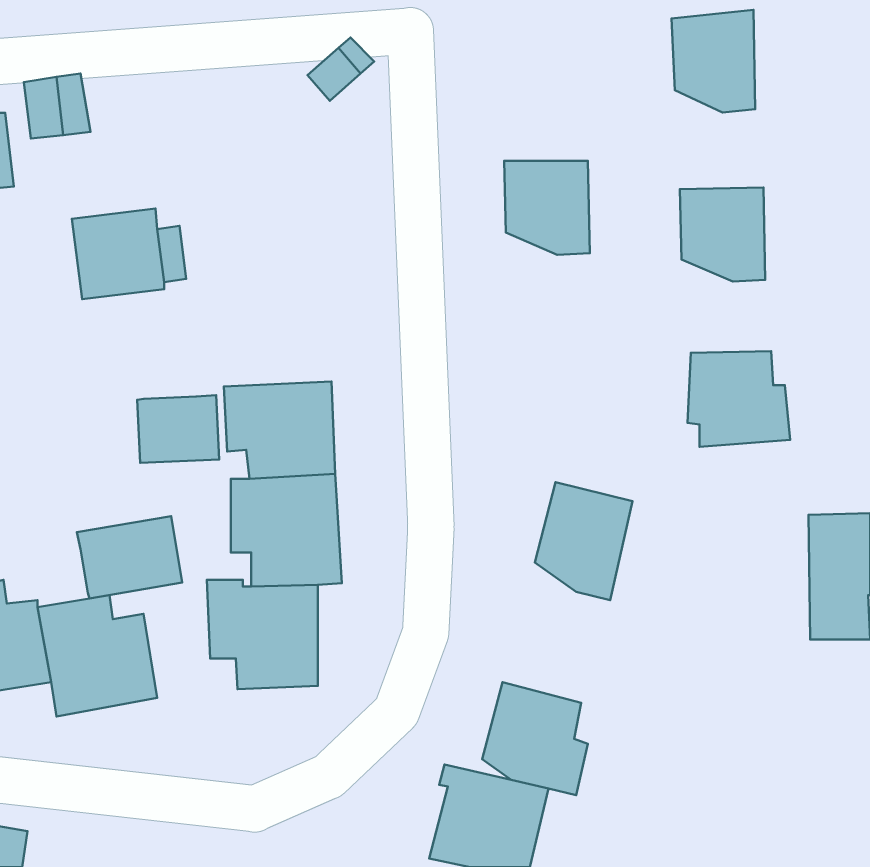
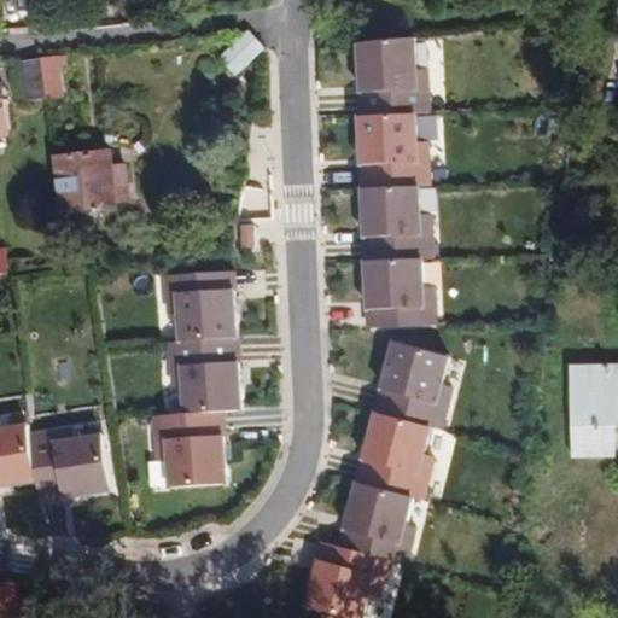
building: [671,10,755,112] -> [356,36,415,109]
building: [680,188,765,282] -> [361,186,421,252]
building: [688,351,790,447] -> [363,260,436,327]
building: [137,395,219,463] -> none
building: [77,516,182,598] -> none
building: none -> [357,412,426,494]

